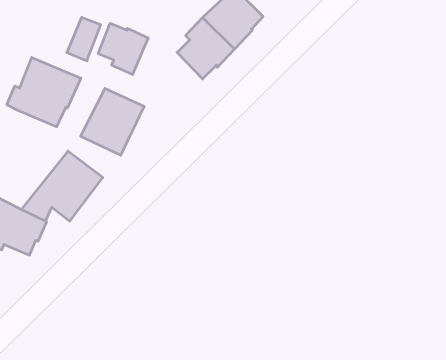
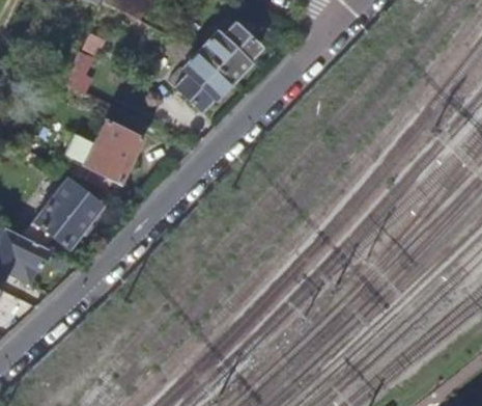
building: [98,23,148,75] -> none
building: [7,57,81,127] -> none

